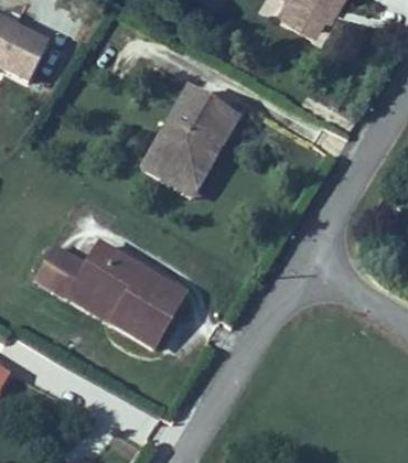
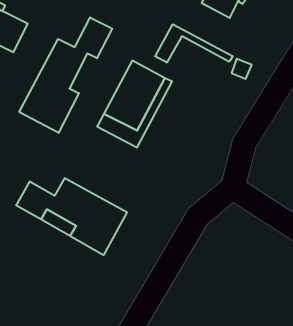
building: none -> [19,17,112,133]
building: none -> [155,24,233,63]

